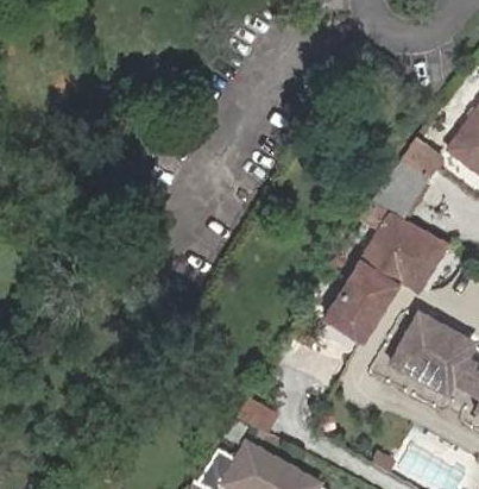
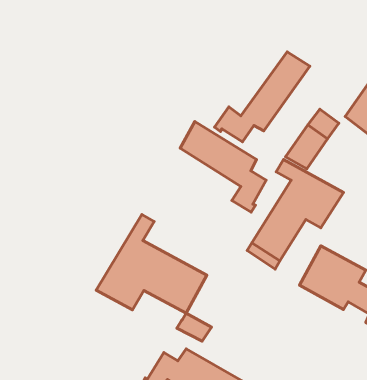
building: none -> [215,52,310,142]
building: none -> [180,122,266,212]
building: none -> [96,215,207,313]

